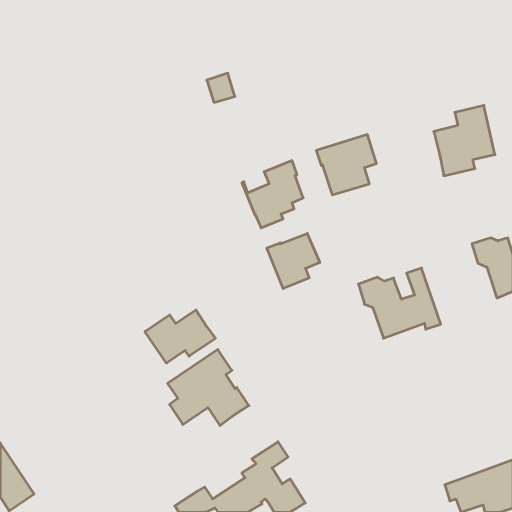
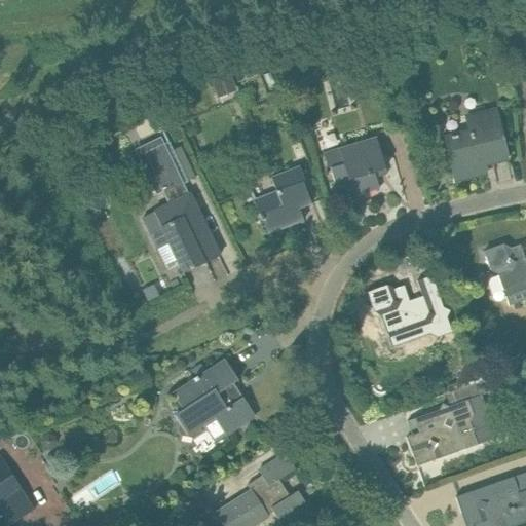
building: none -> [136,137,220,272]
building: [267,233,320,289] -> none
building: [145,310,215,363] -> none
building: none -> [407,382,495,465]

